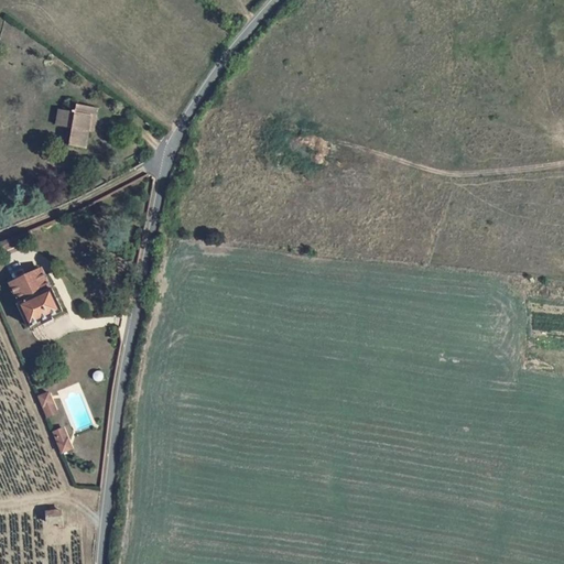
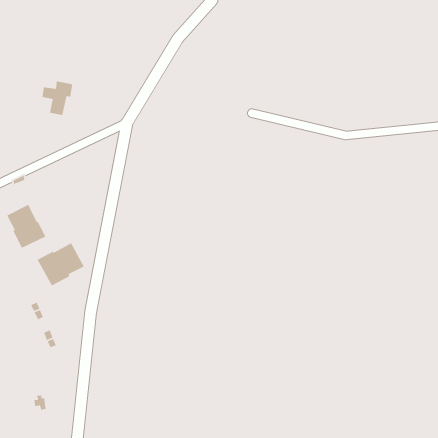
building: none -> [36,242,85,286]

